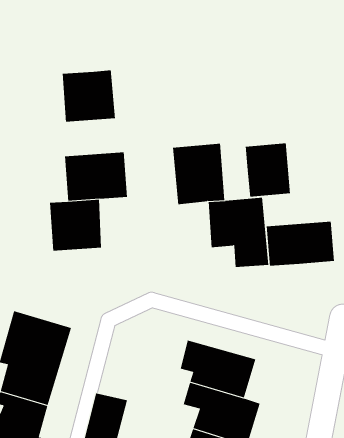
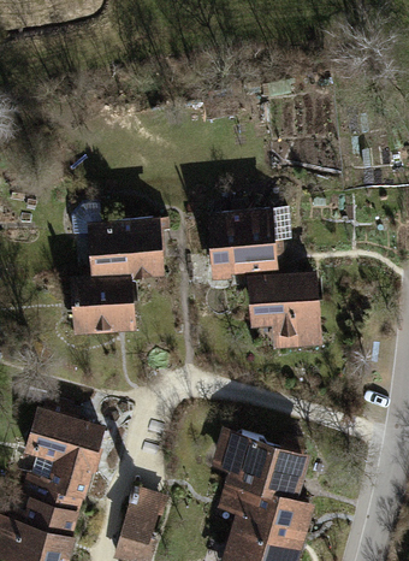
building: [62,70,115,122] -> none
building: [245,142,291,197] -> none
building: [266,221,334,267] -> none

